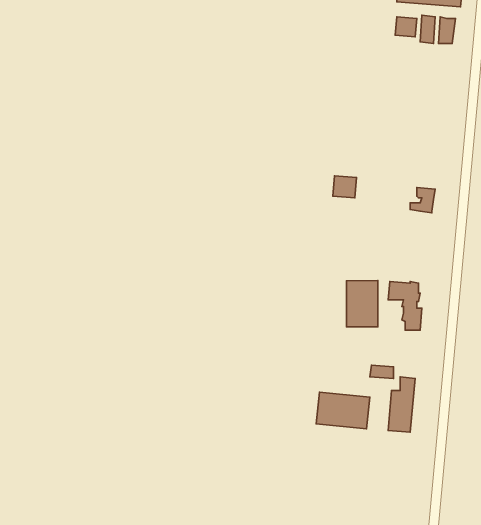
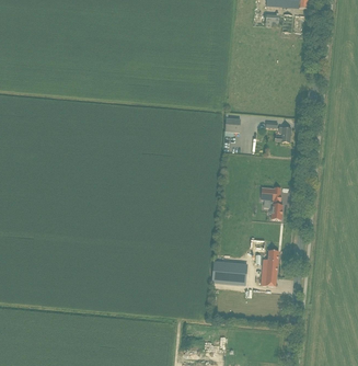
building: [347,281,378,327] -> none

